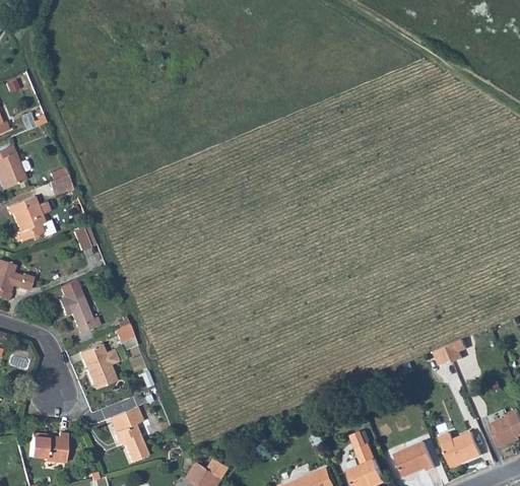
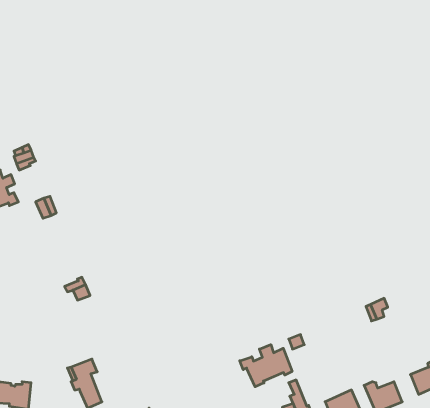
building: [57,280,99,333] -> none
building: [79,344,117,389] -> none
building: none -> [240,345,292,387]

